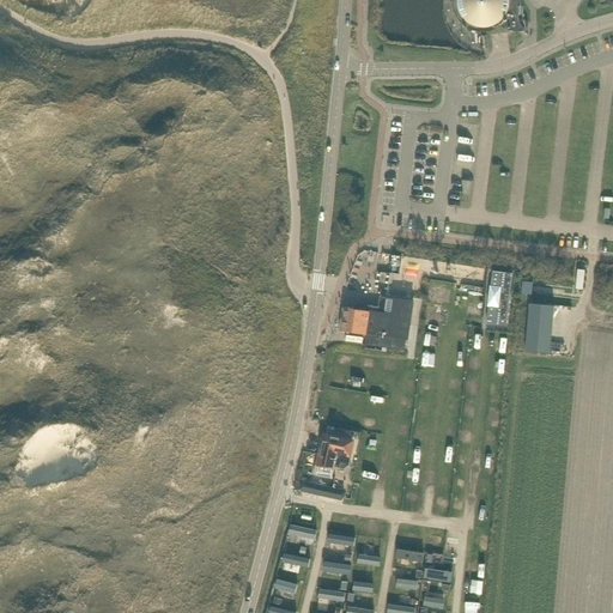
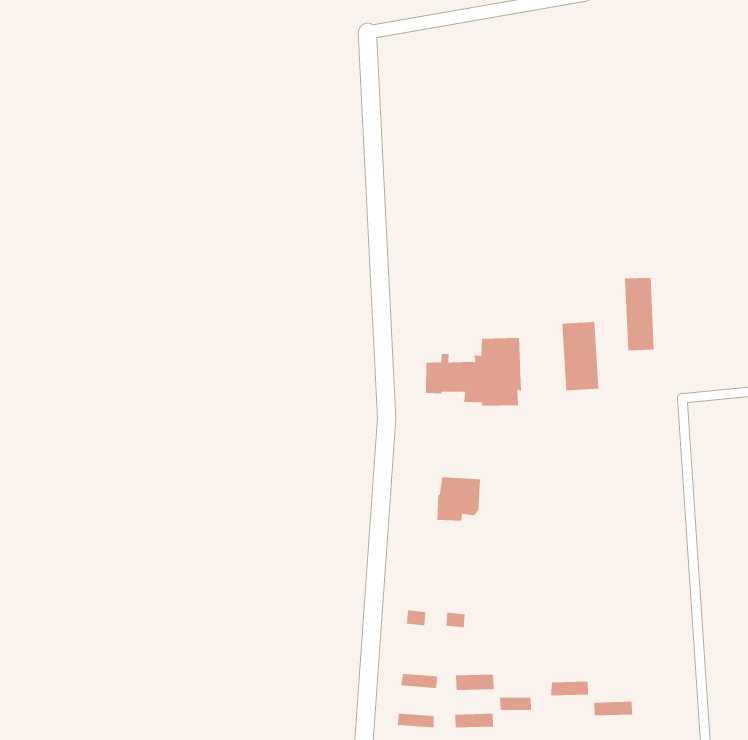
building: [524,303,553,353] -> [562,321,599,391]
building: [315,435,351,468] -> [437,477,481,521]

